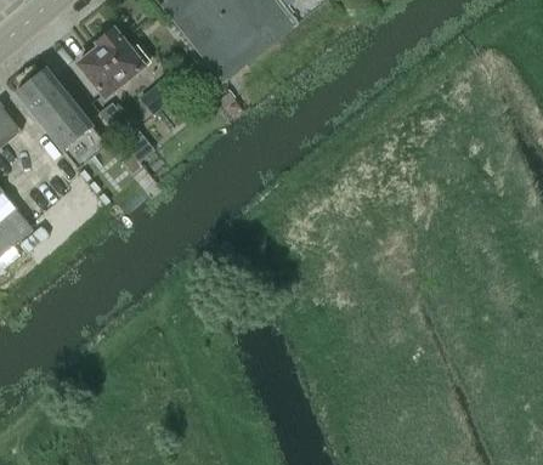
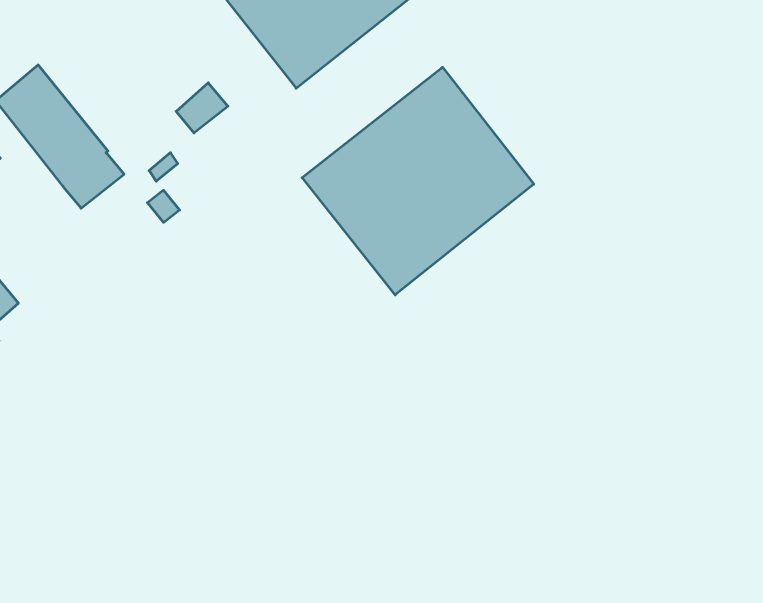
building: [78,30,148,98] -> none
building: none -> [302,67,534,295]

